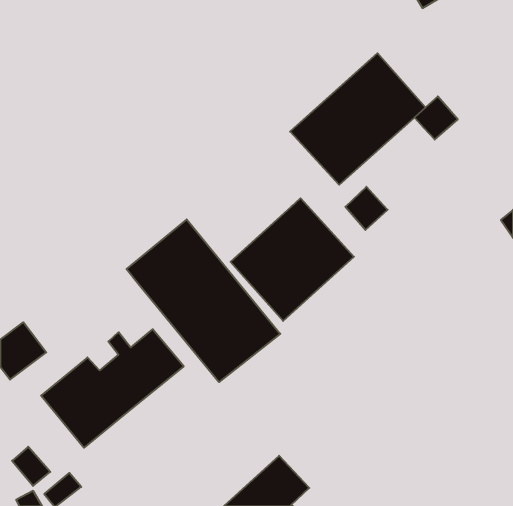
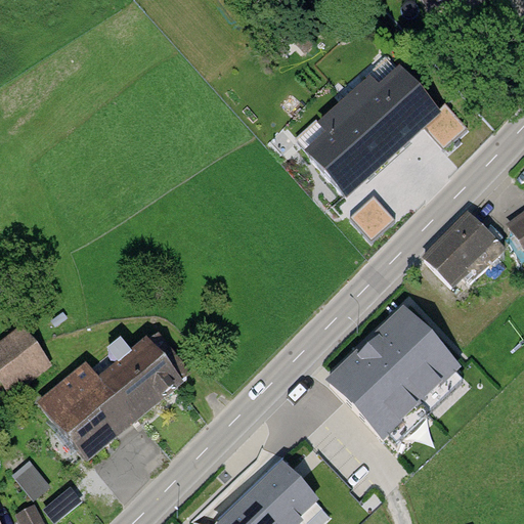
building: [231,198,354,321] -> none
building: none -> [425,214,506,283]
building: [127,219,280,382] -> none
building: none -> [330,309,457,436]

